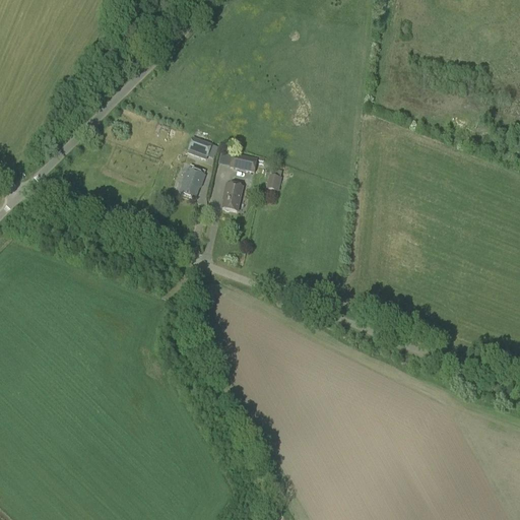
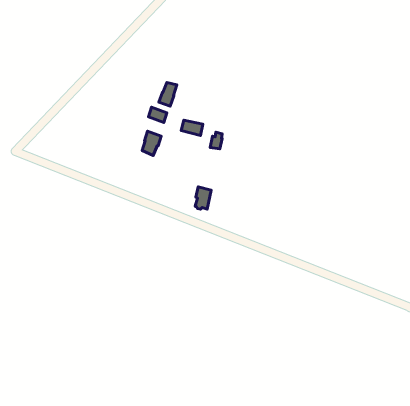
building: none -> [159,82,177,106]
building: [221,182,242,210] -> [195,187,211,209]

